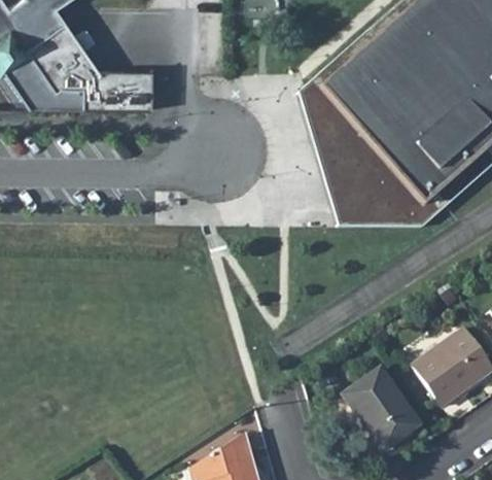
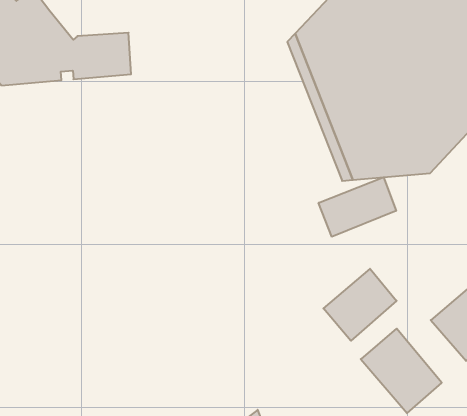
building: none -> [319,177,396,237]
building: none -> [323,269,397,341]

